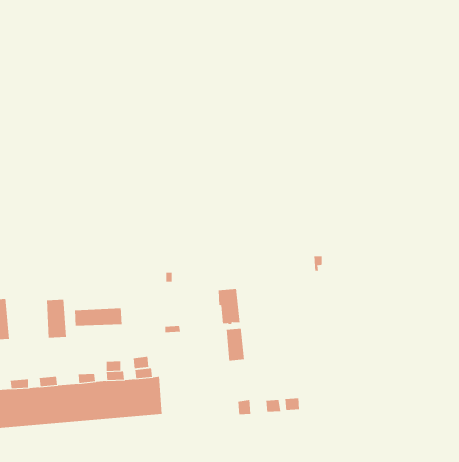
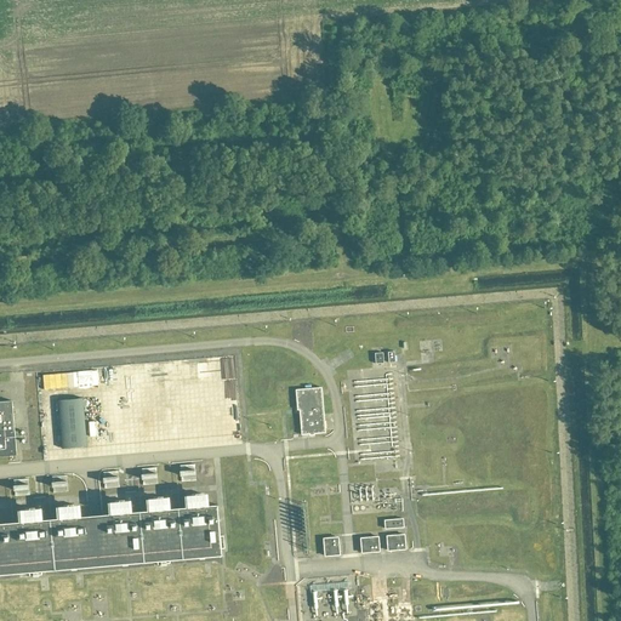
building: [74,307,122,326] -> none
building: [226,328,244,362] -> none

